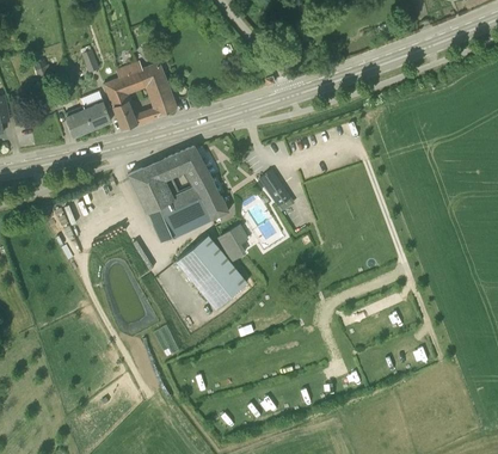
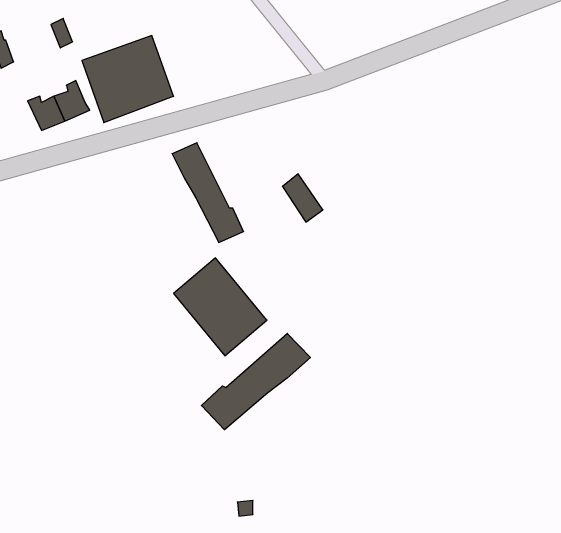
building: [129,153,210,243] -> none
building: [217,225,248,260] -> none
building: none -> [201,333,310,430]

